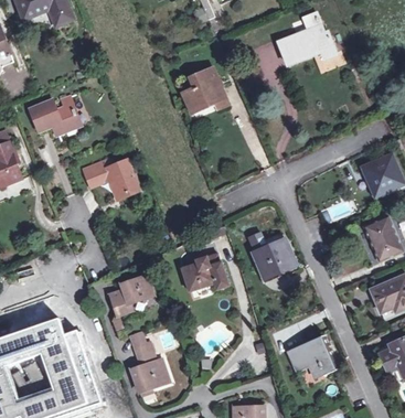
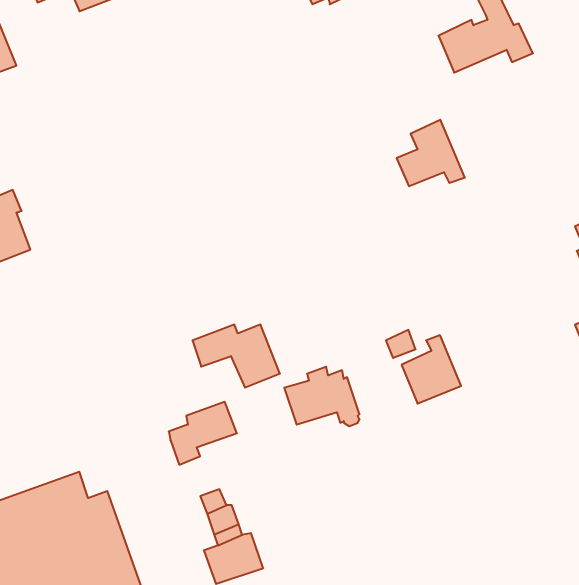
building: [182,67,225,109] -> [397,120,465,186]
building: [30,103,77,138] -> none
building: [82,159,137,199] -> [192,325,280,388]
building: [287,333,337,375] -> none

